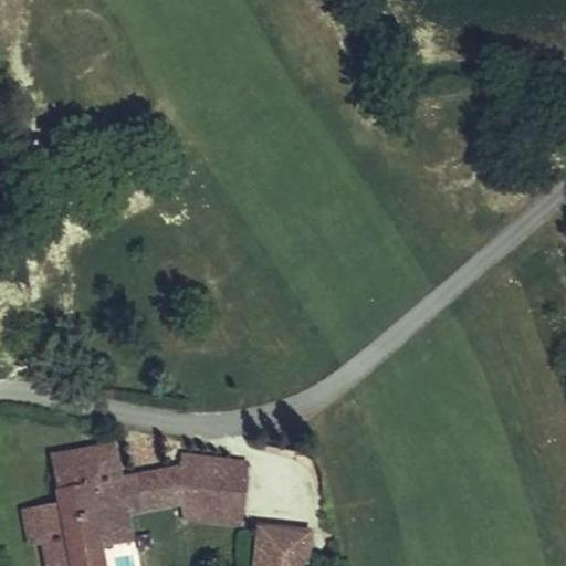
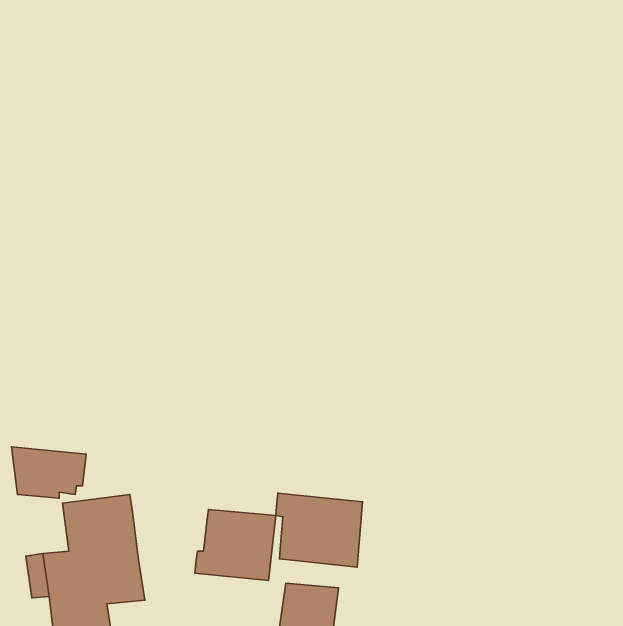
building: none -> [276,493,363,567]
building: [119,462,187,509] -> [11,447,86,498]

